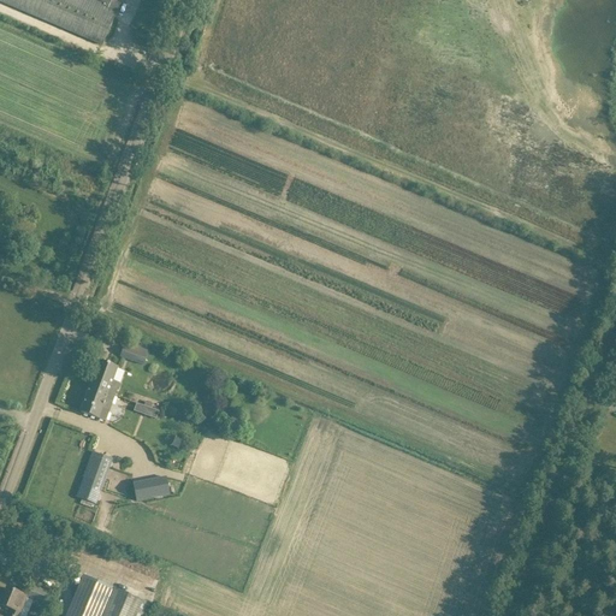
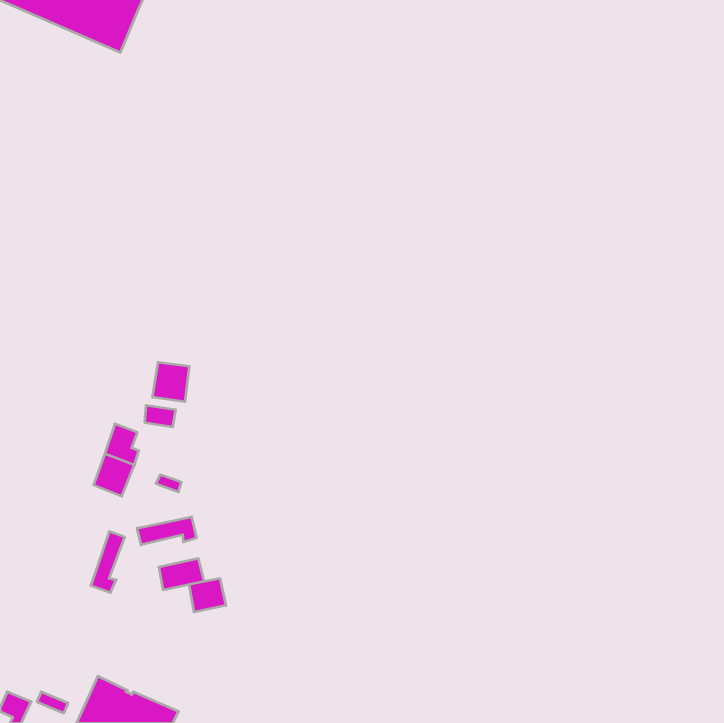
building: none -> [153,362,189,402]
building: none -> [137,517,196,545]
building: none -> [189,578,226,612]

